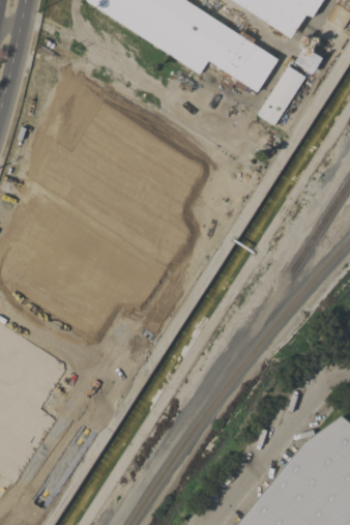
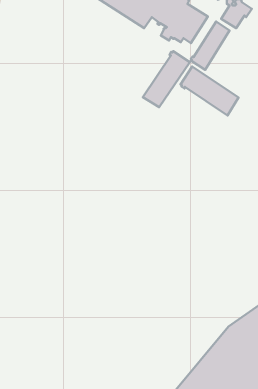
building: none -> [143,51,190,107]
building: none -> [181,66,238,115]

